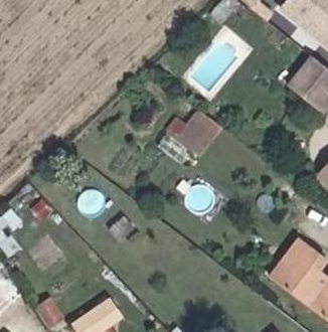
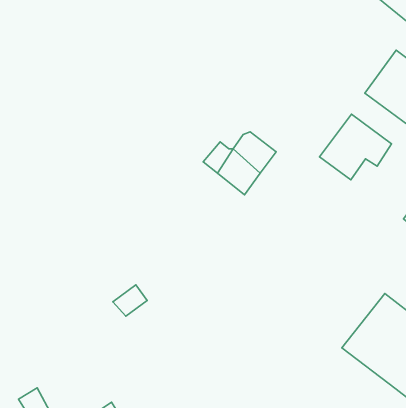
building: none -> [319,114,392,180]

